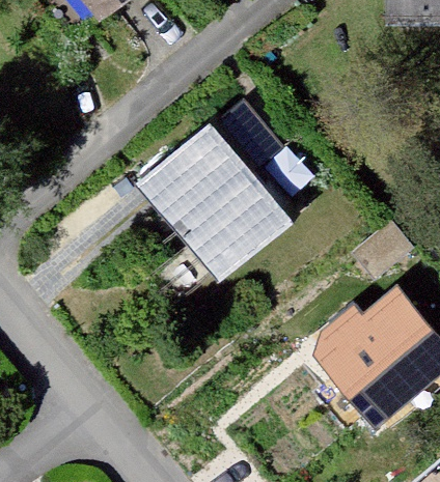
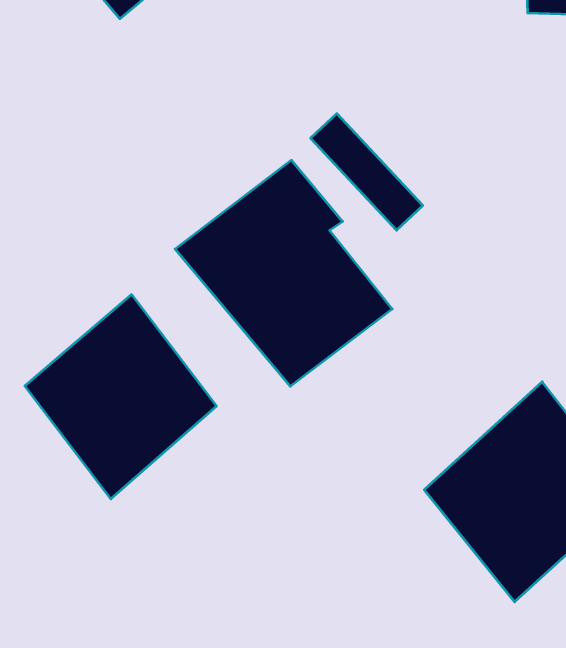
building: none -> [25,295,216,499]

